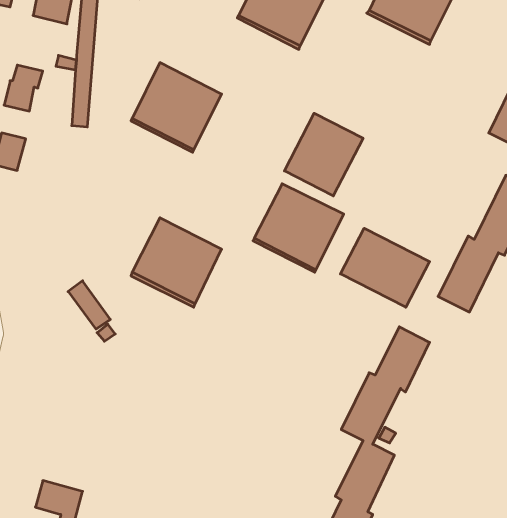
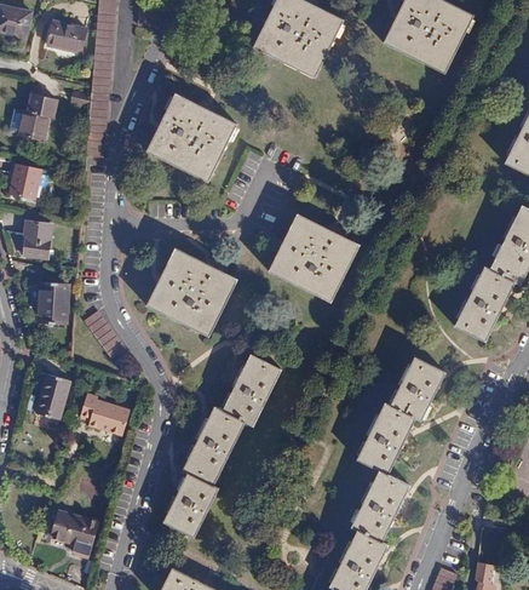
building: [284,113,363,196] -> none
building: none -> [23,220,53,259]
building: [340,228,430,307] -> none
building: none -> [39,281,69,323]
building: none -> [163,354,282,538]
building: none -> [38,373,70,418]
building: none -> [80,391,131,433]

